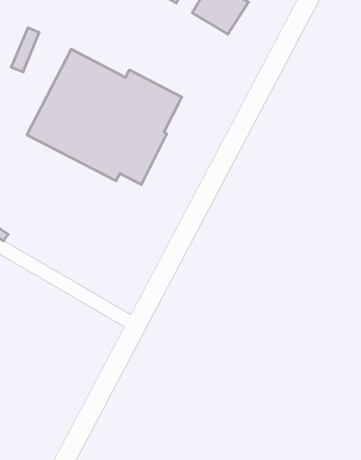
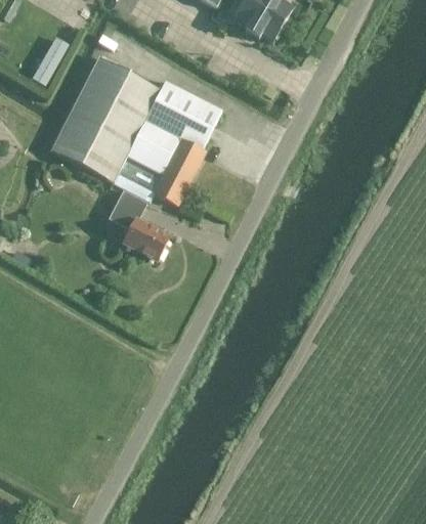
building: none -> [108,190,171,260]

